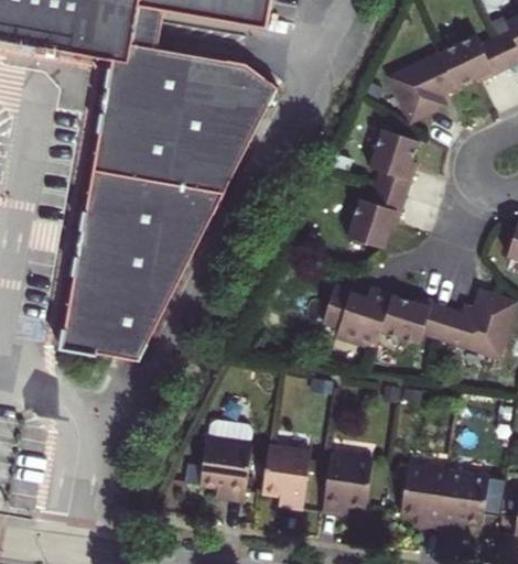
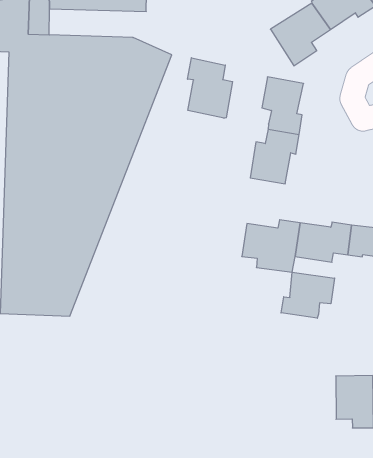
building: none -> [188,58,233,118]
building: none -> [281,272,335,318]
building: [203,438,255,502] -> none
building: [265,447,313,510] -> none
building: [325,456,375,517] -> none

